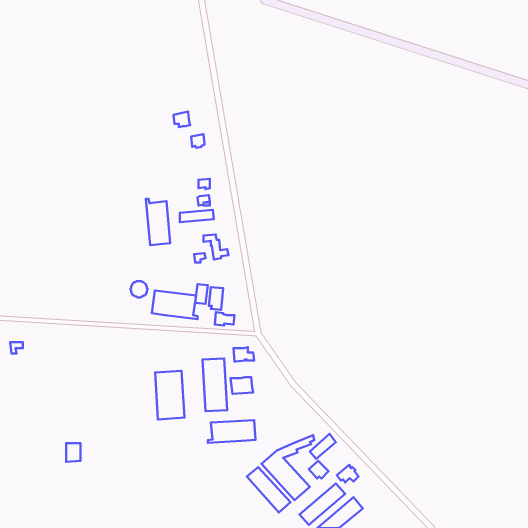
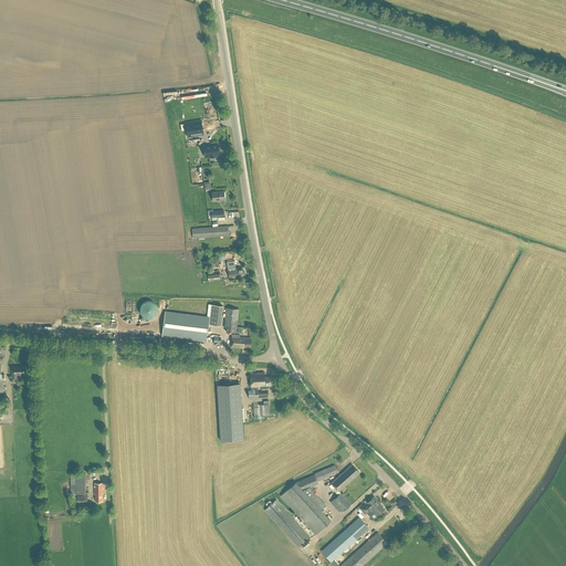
building: [146,199,170,245] -> none
building: [155,371,184,419] -> none
building: [208,420,256,443] -> none

